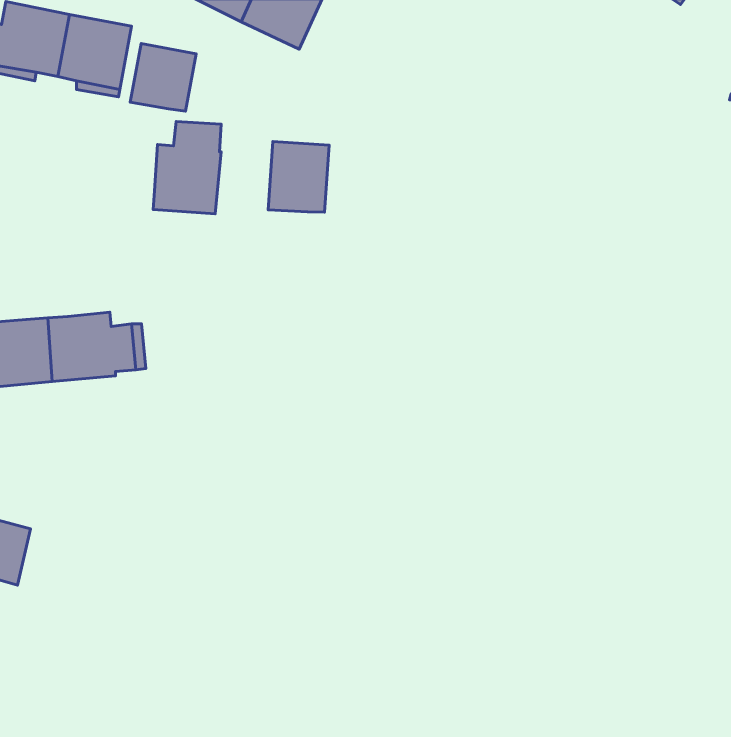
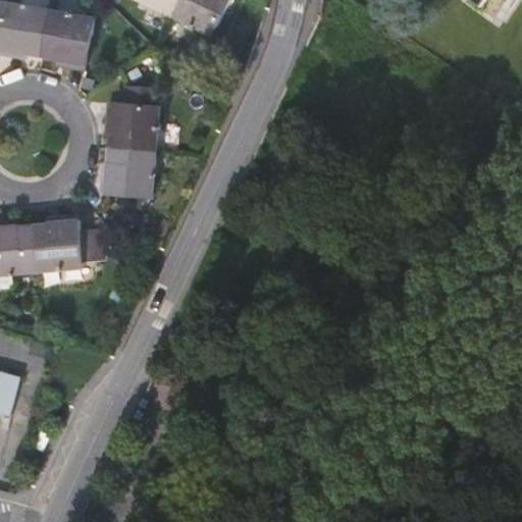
building: [130,43,196,111] -> none
building: [268,141,329,212] -> none
building: none -> [104,148,152,197]

